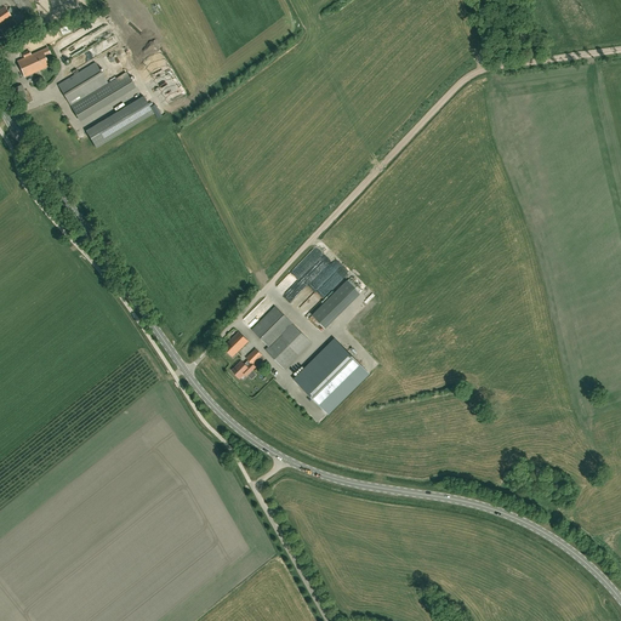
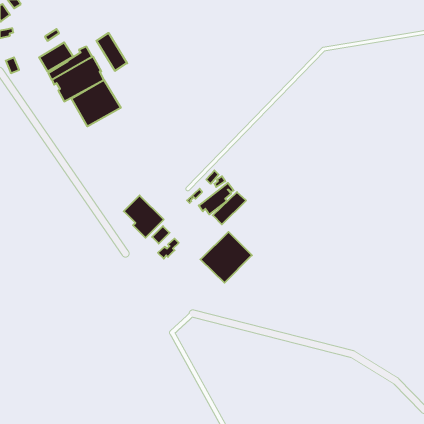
building: [16,46,49,76] -> none
building: none -> [71,80,121,126]
building: [251,306,309,368] -> [124,195,164,238]

